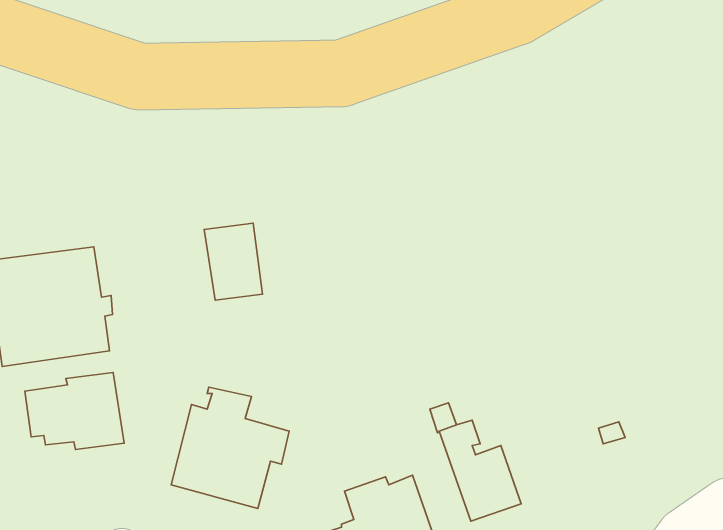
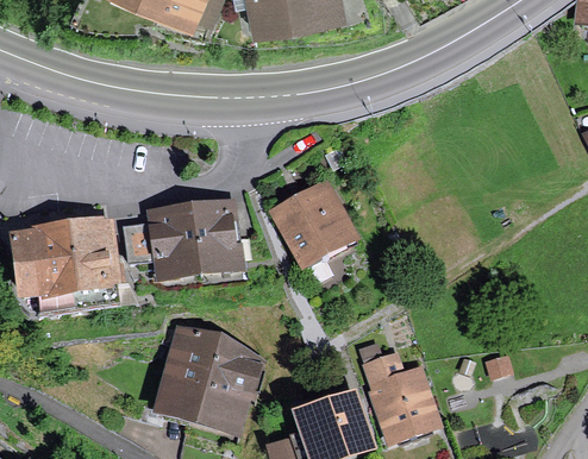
building: none -> [279,190,351,260]
building: [25,372,124,450] -> [124,215,199,273]

